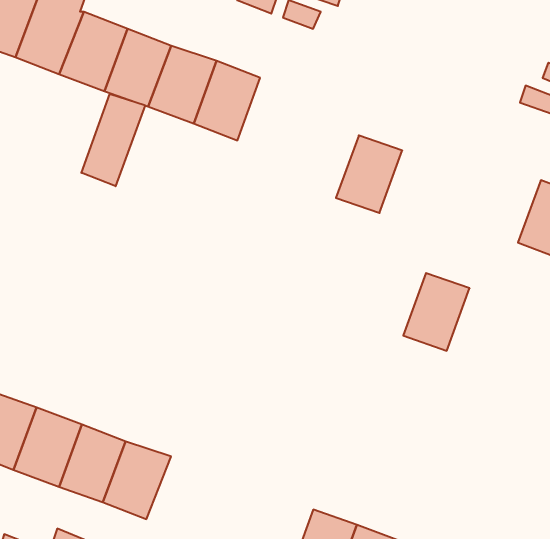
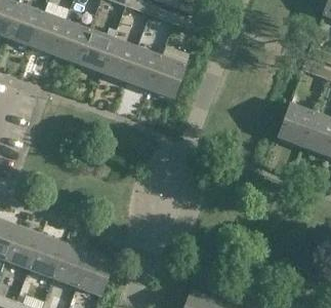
building: [81,94,145,186] -> none
building: [336,135,402,213] -> [150,56,185,99]
building: [403,273,470,351] -> [278,104,314,146]

